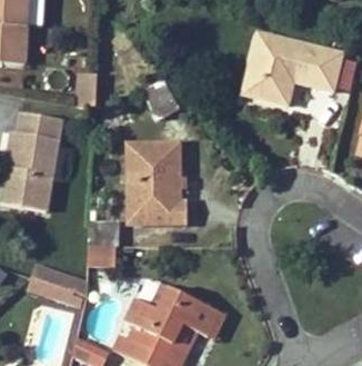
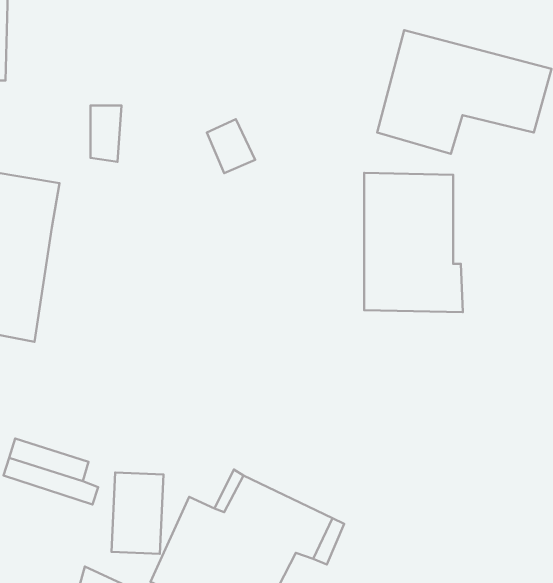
building: [131,142,188,222] -> [364,173,463,312]
building: [88,219,118,266] -> [111,472,164,554]

